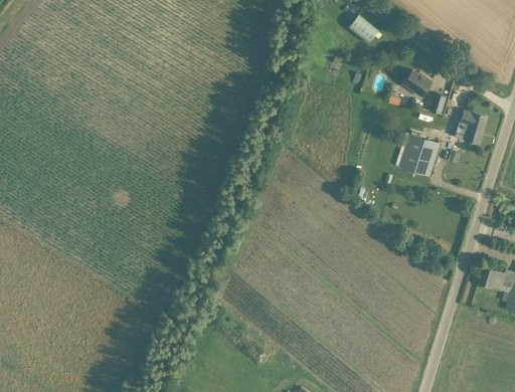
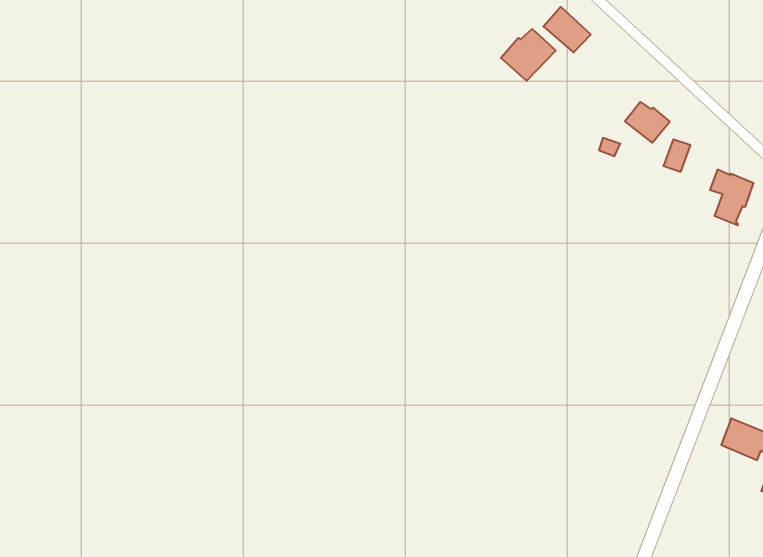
building: none -> [501,29,556,81]
building: [398,135,440,177] -> none

